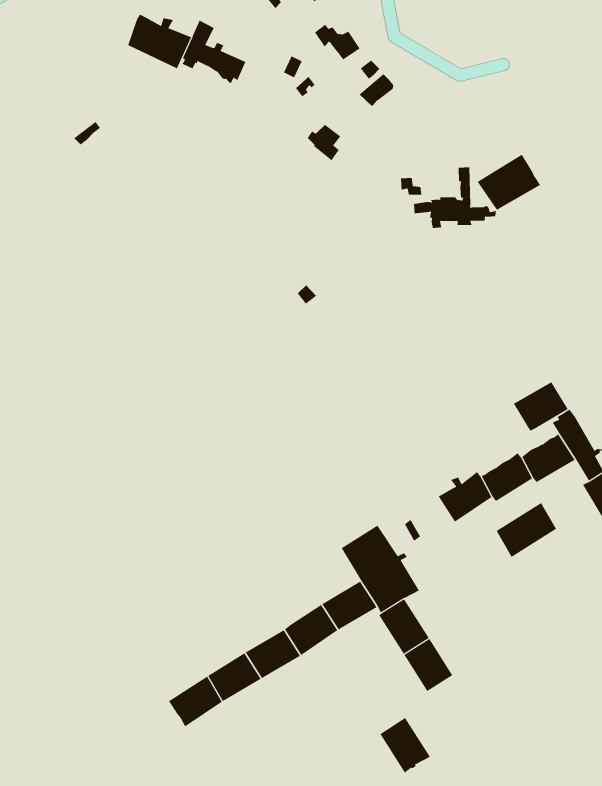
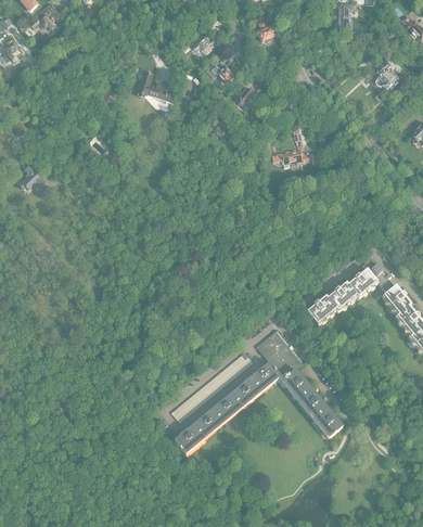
building: [128,14,192,69] -> none
building: [477,154,541,211] -> none
building: [513,382,569,431] -> none
building: [496,502,557,558] -> none
building: [379,717,431,773] -> [312,407,342,437]

